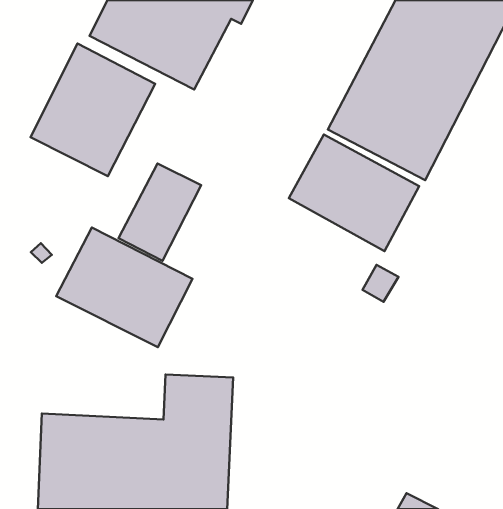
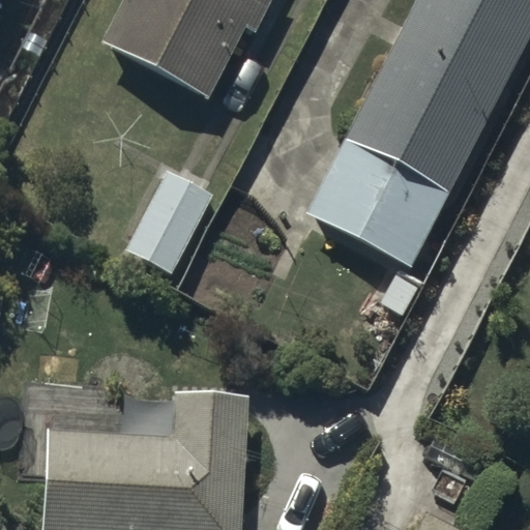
building: [31,44,155,176] -> none
building: [56,227,192,347] -> none

